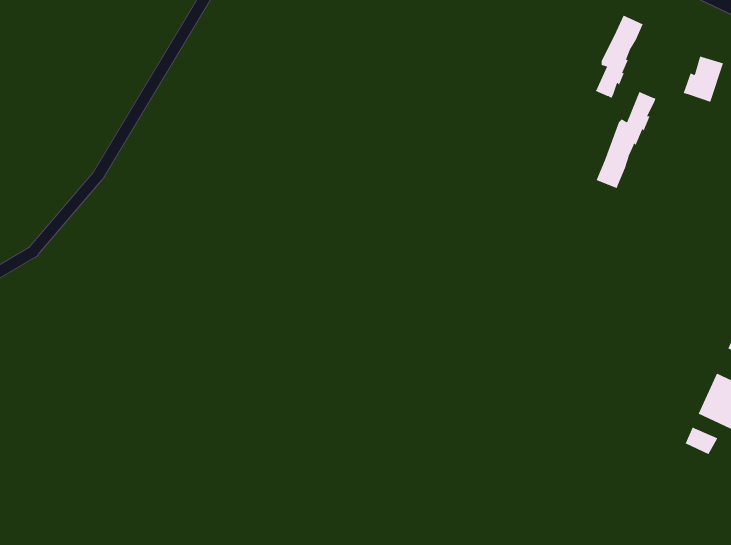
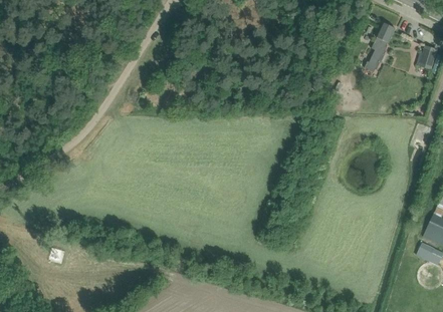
building: [596,91,656,189] -> none

